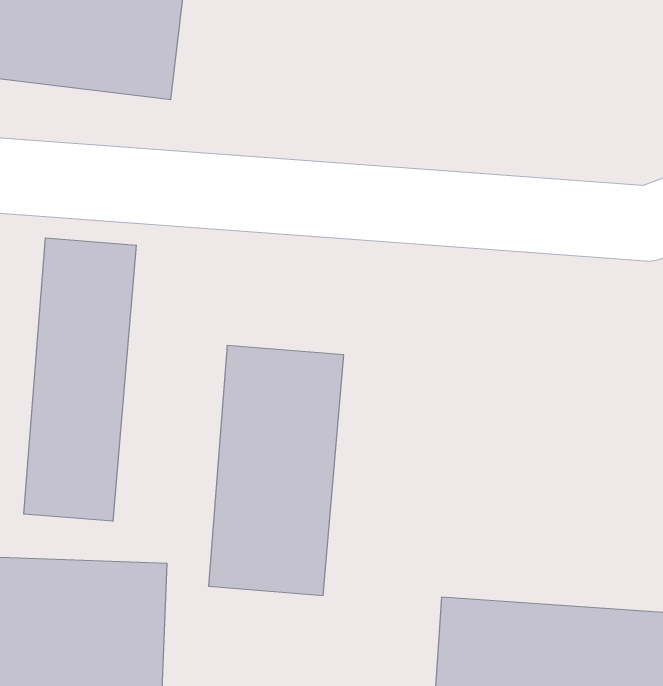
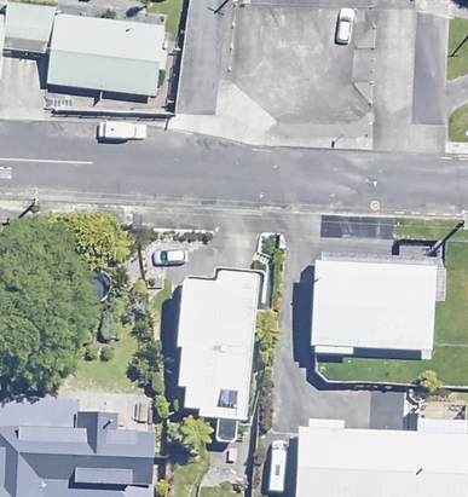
building: [24,238,136,521] -> none
building: none -> [308,259,440,352]

